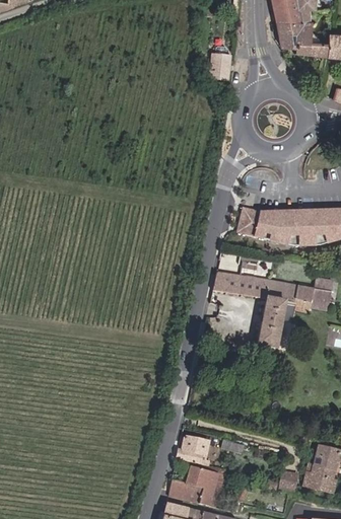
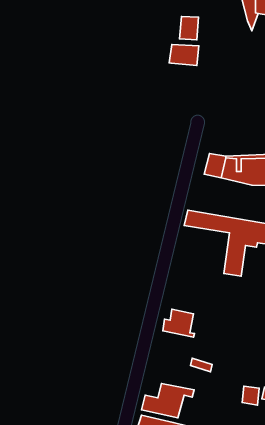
building: none -> [169,44,199,65]
building: [177,433,212,464] -> [163,309,194,337]

